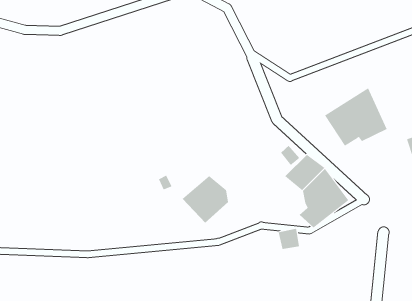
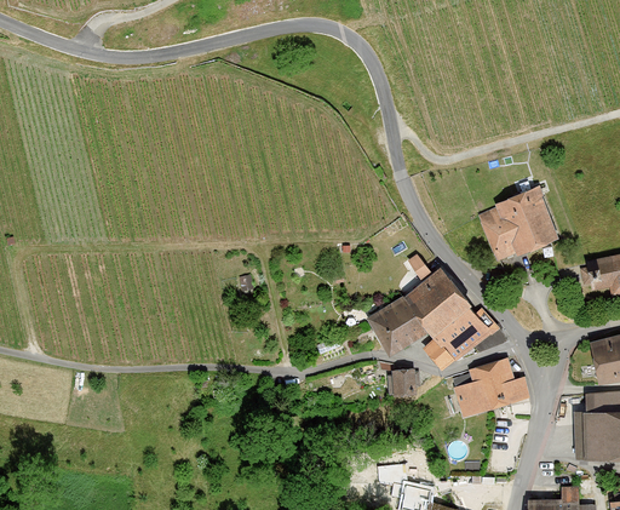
building: [182,176,229,223] -> [371,294,435,360]
building: none -> [450,357,529,420]

